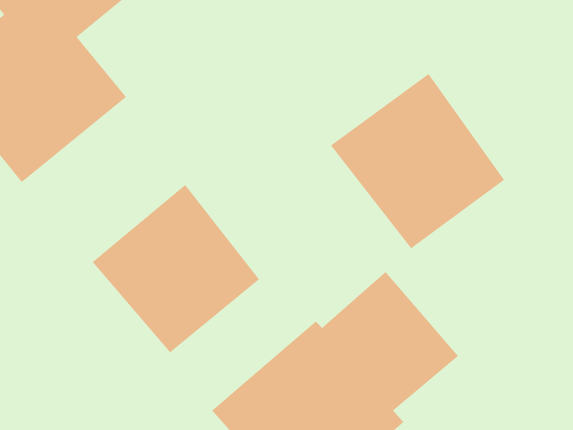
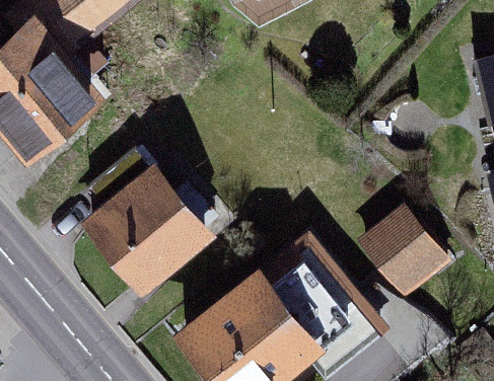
building: [330,73,505,249] -> none
building: none -> [360,210,447,300]

